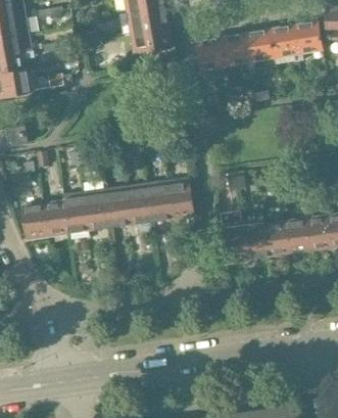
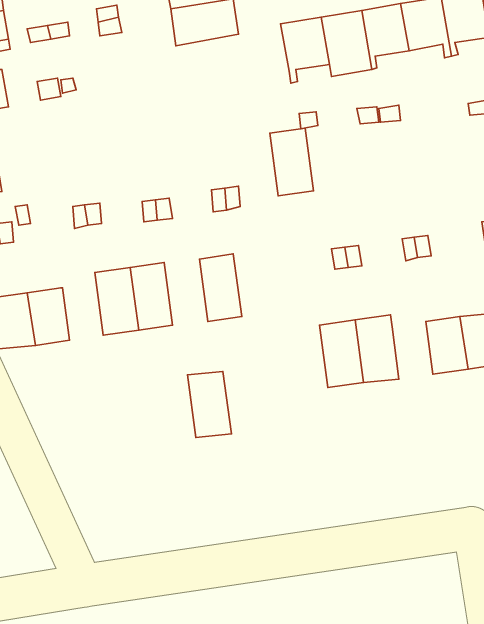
building: [166,178,193,219] -> [270,128,314,196]
building: [125,184,151,224] -> [187,371,231,437]
building: [61,192,88,233] -> none
building: [262,222,287,257] -> none

